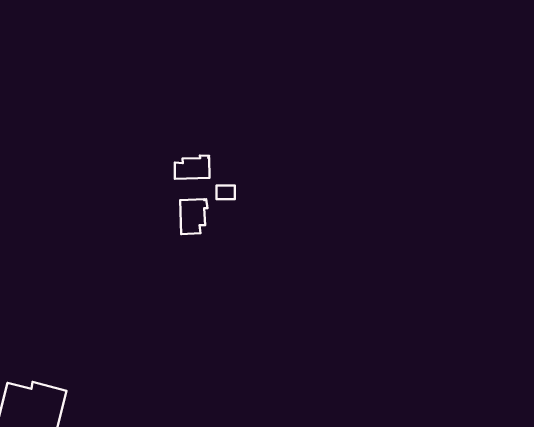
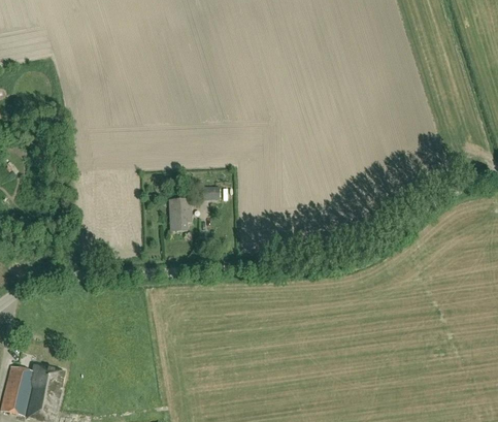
building: [175,155,210,179] -> none

